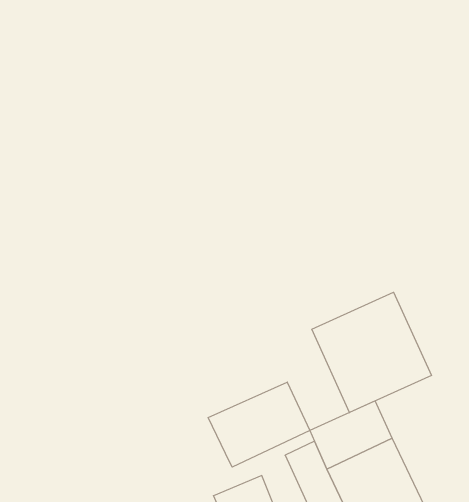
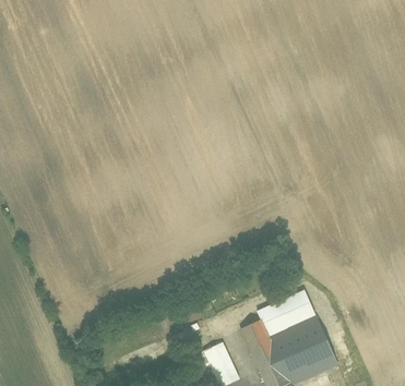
building: [312,292,431,413] -> none
building: [208,382,310,467] -> none

